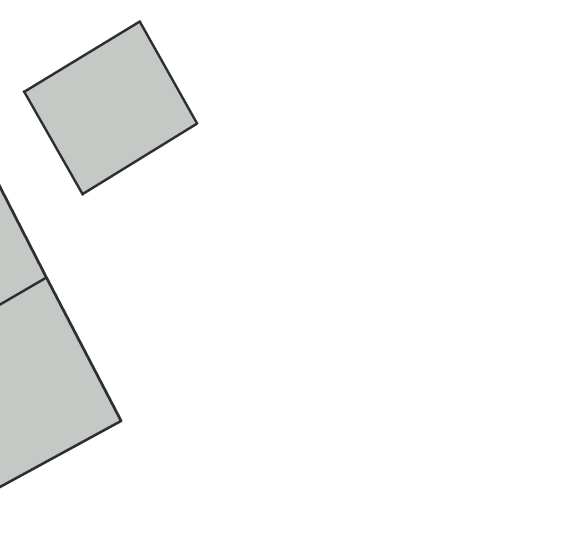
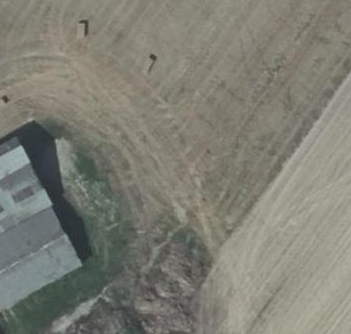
building: [24,22,197,194] -> none

